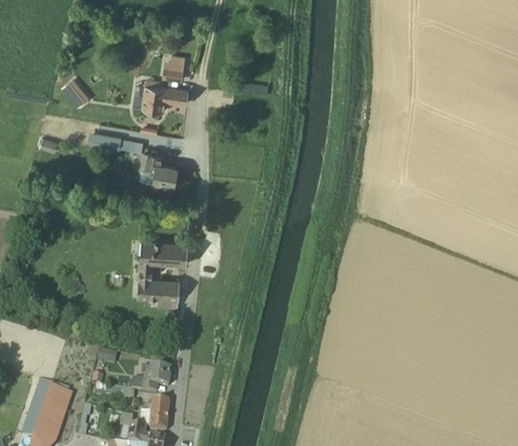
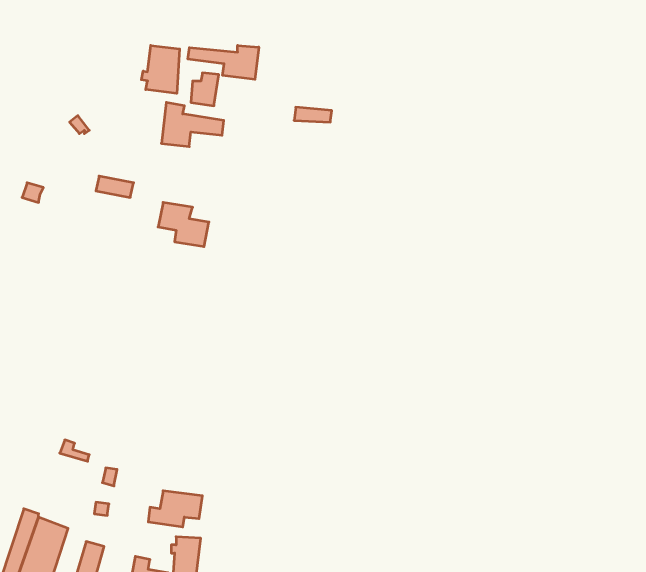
building: none -> [141,45,180,93]
building: none -> [188,45,259,79]
building: [136,238,188,297] -> none

